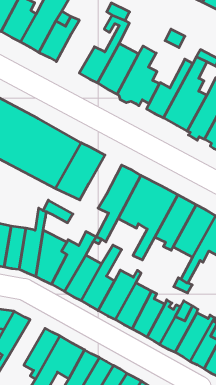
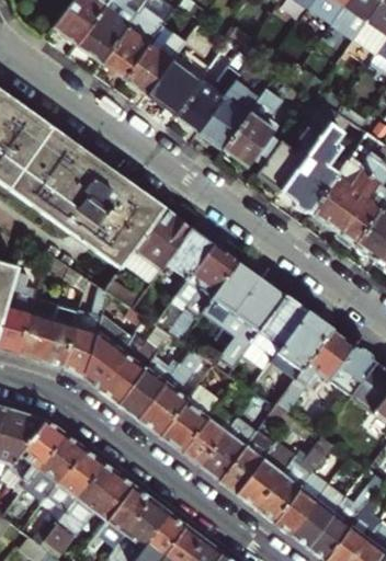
building: none -> [146,58,200,113]
building: none -> [167,226,223,282]
building: none -> [27,436,82,496]

